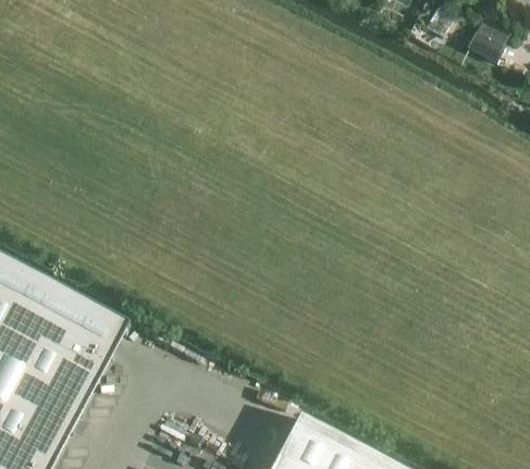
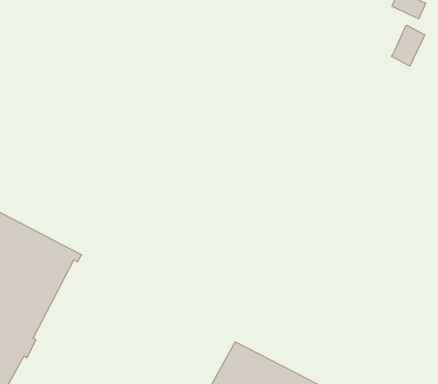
building: none -> [392,25,425,66]

